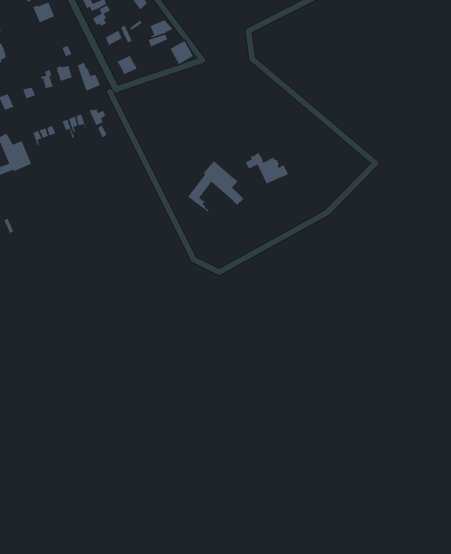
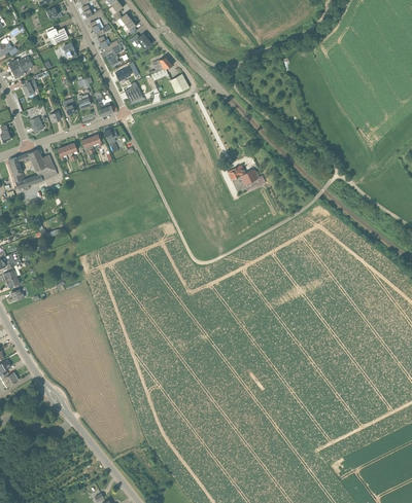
building: [187,160,244,212] -> none

